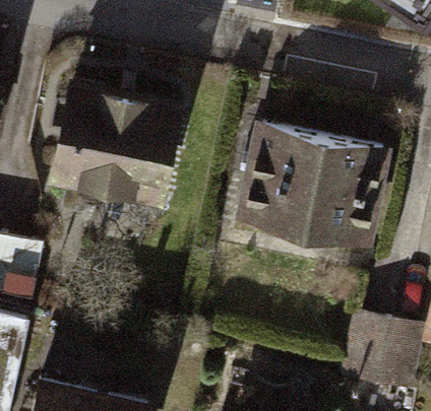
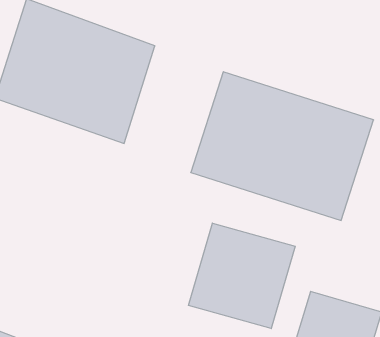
building: none -> [188,223,295,329]

